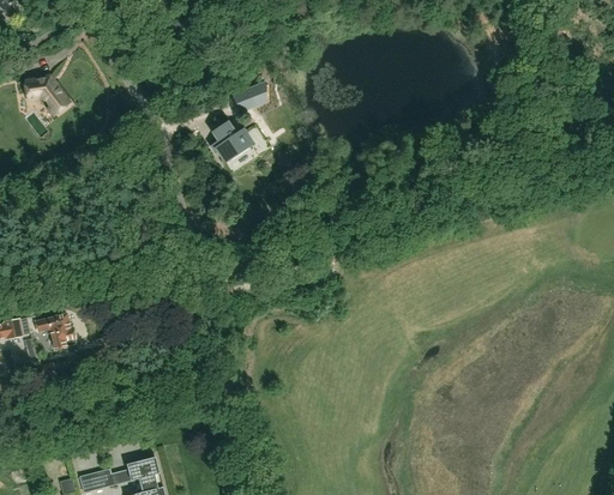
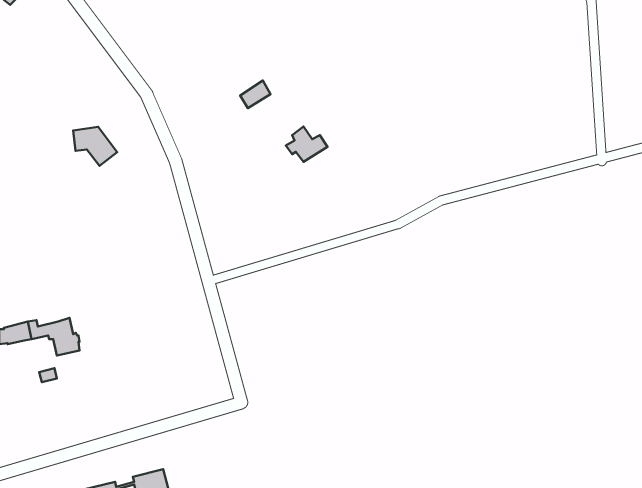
building: [25,77,67,114] -> [73,127,117,166]
building: [210,125,249,158] -> [286,126,327,162]

